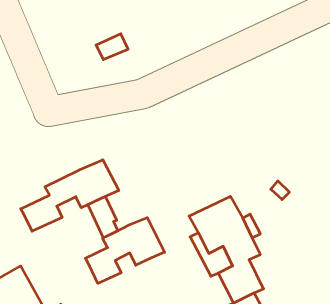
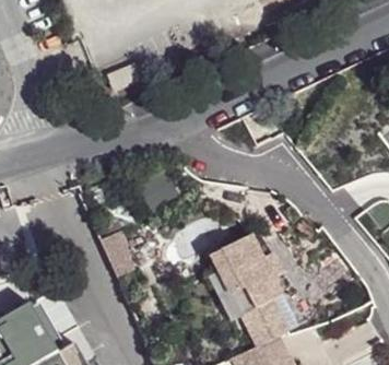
building: [21,160,119,231] -> none
building: [85,218,165,283] -> none

